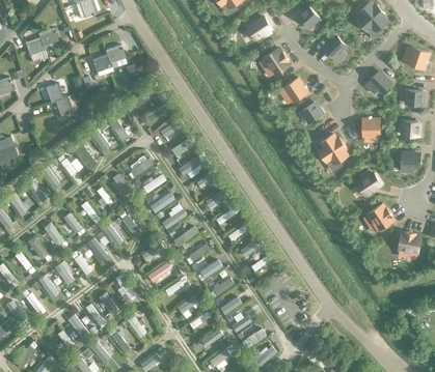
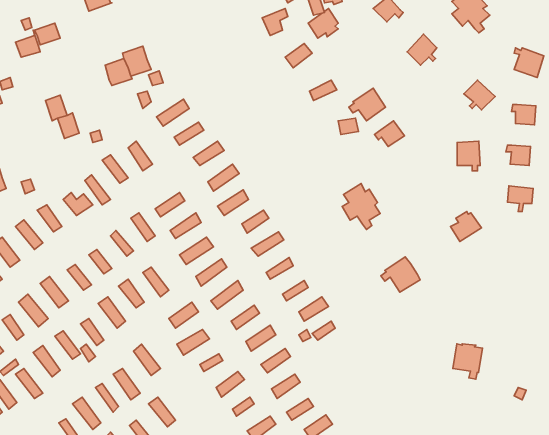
building: [260,48,290,75] -> none
building: [319,134,348,169] -> [342,184,380,230]
building: [363,203,393,230] -> [381,257,420,292]
building: [398,232,420,259] -> [453,344,483,379]

